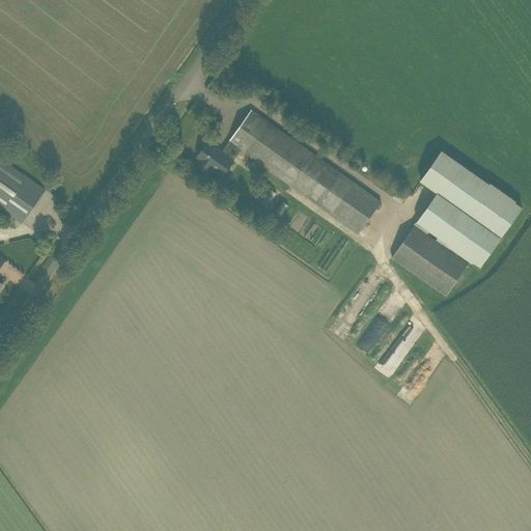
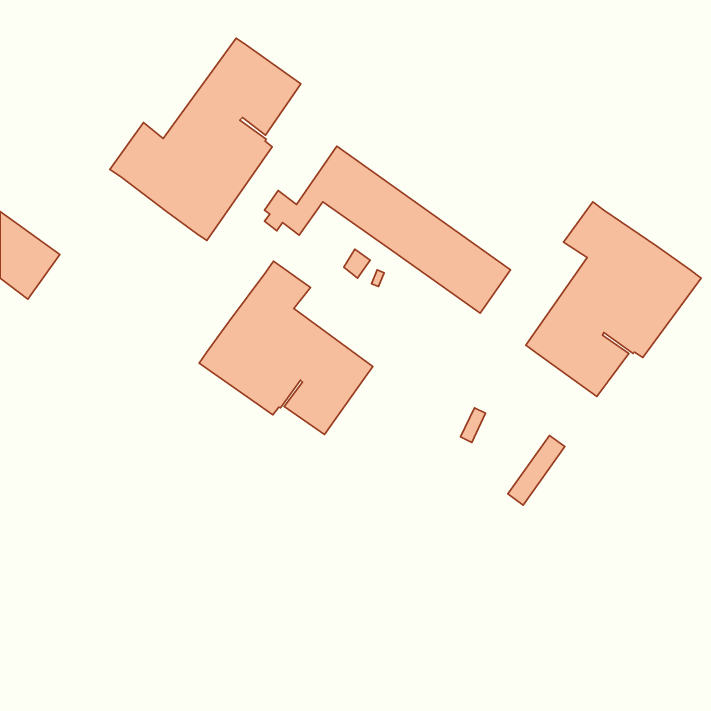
building: none -> [110,38,301,240]
building: none -> [199,261,373,434]

